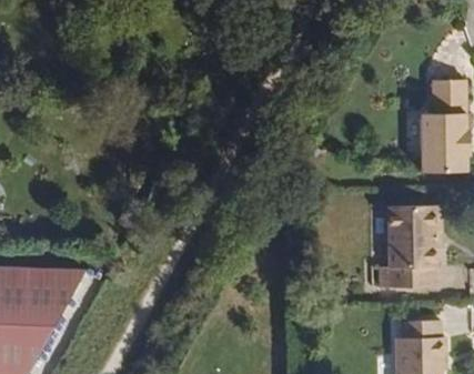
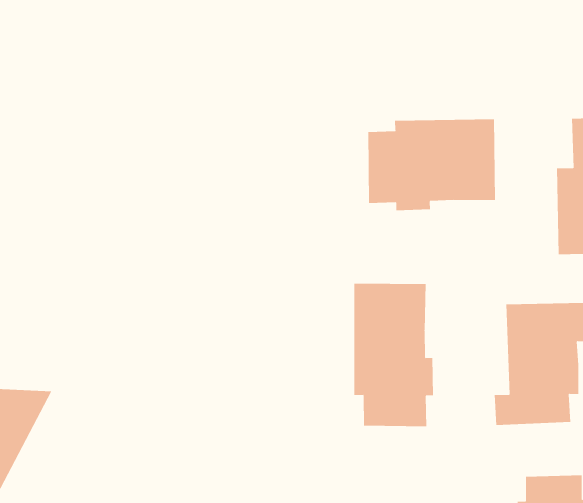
building: none -> [368,118,496,211]
building: none -> [354,283,433,427]

